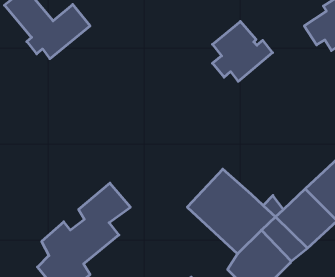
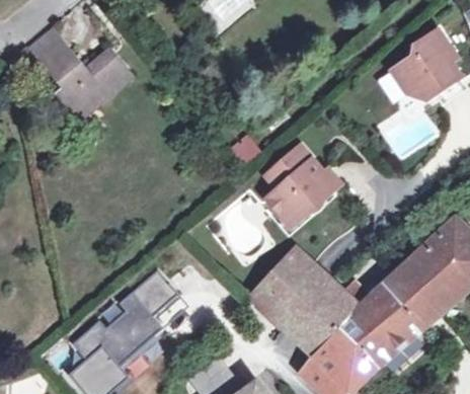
building: [212,21,273,81] -> [266,147,340,221]

